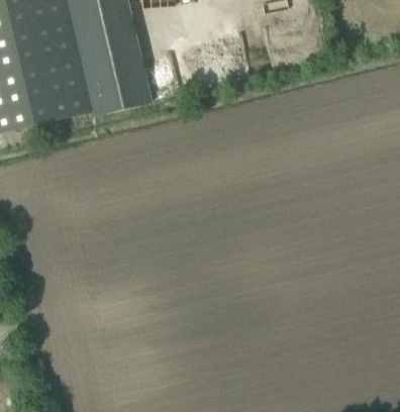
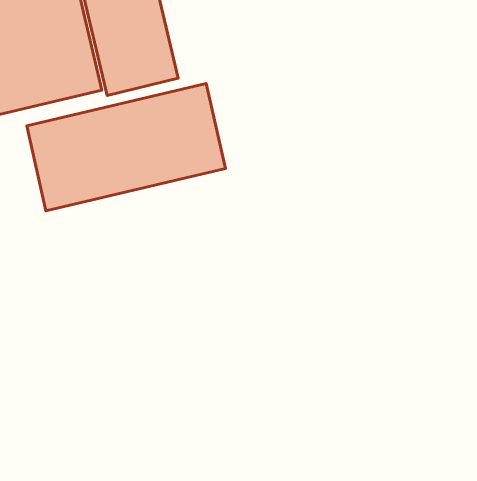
building: none -> [27,84,225,211]

